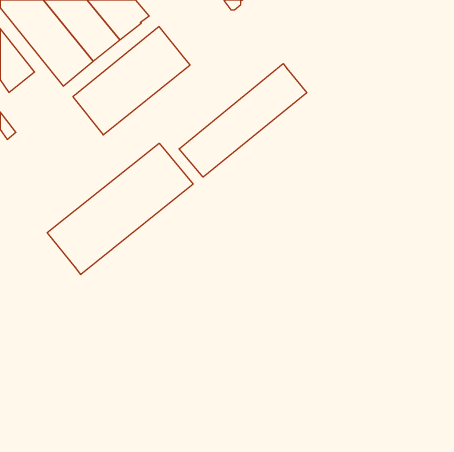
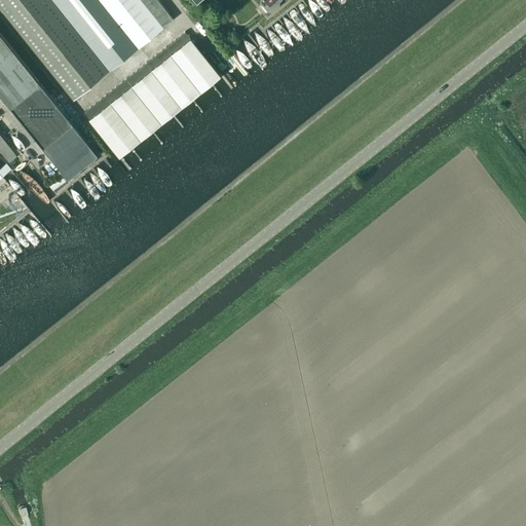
building: [179,64,307,177] -> none
building: none -> [10,85,98,180]
building: [47,143,193,275] -> none

